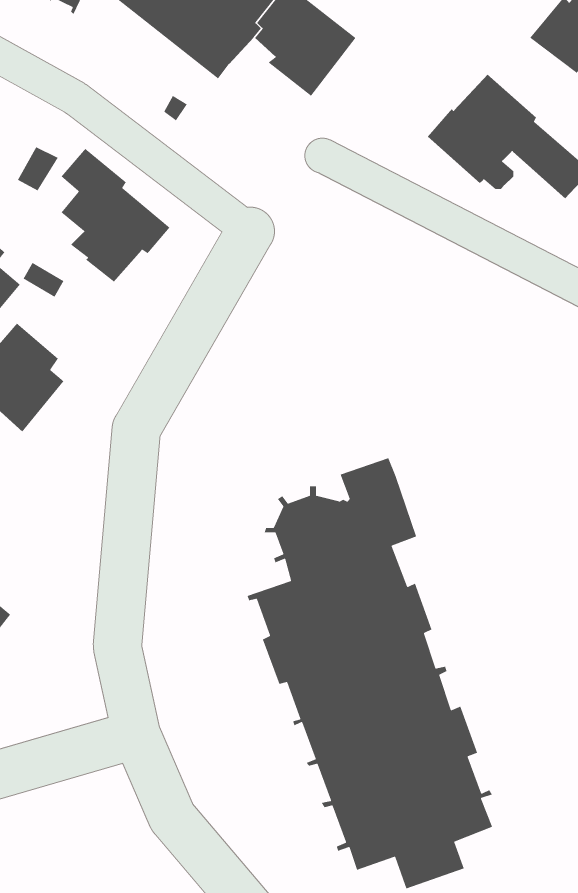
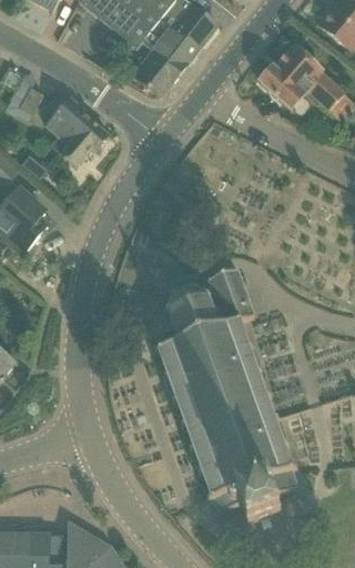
building: none -> [132,24,191,97]

